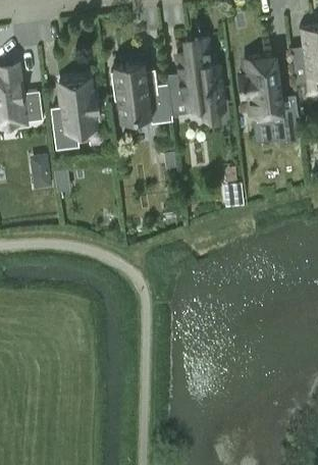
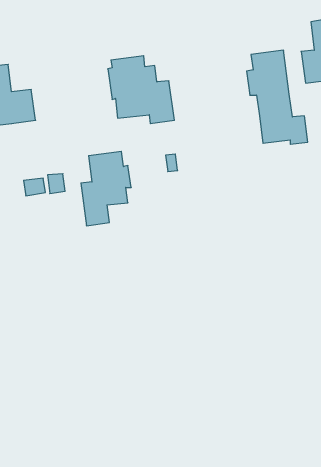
building: [167,40,224,112] -> none
building: [52,80,99,149] -> [81,151,131,226]

